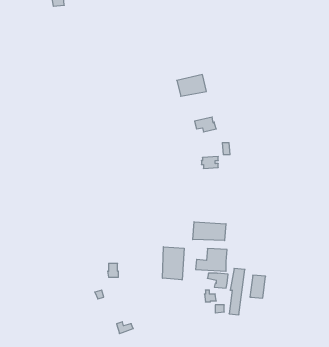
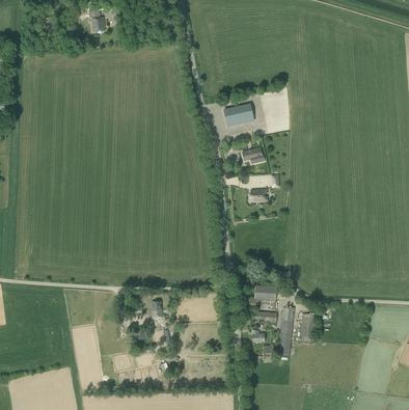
building: [193,222,226,241] -> none
building: [163,247,184,280] -> none

